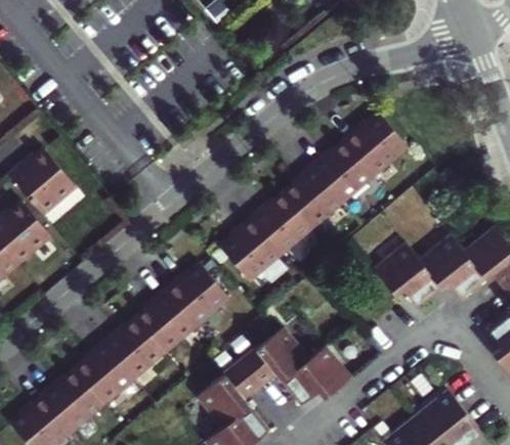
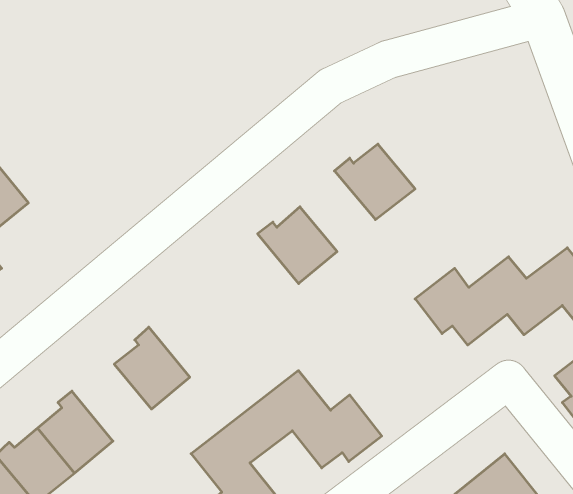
building: [343,116,409,179] -> none
building: [284,165,344,229] -> none
building: [219,215,283,282] -> none
building: [163,266,229,329] -> none
building: [101,319,165,381] -> none

